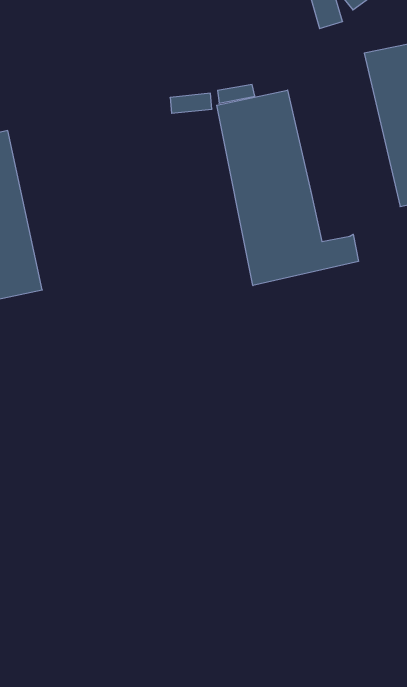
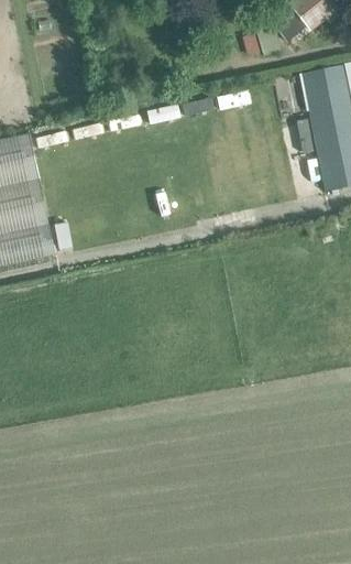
building: [217,90,358,286] -> none

